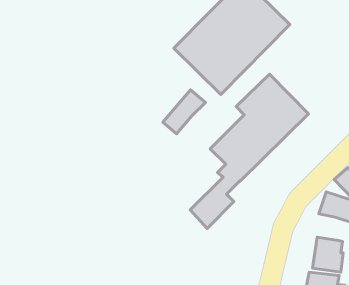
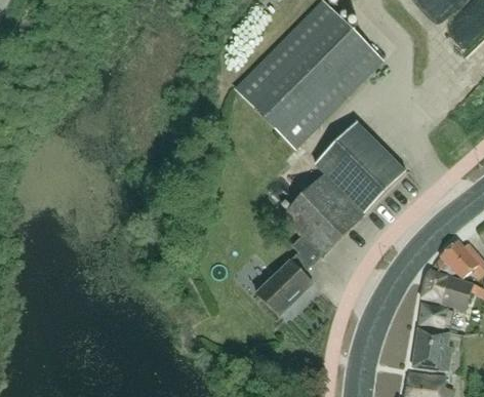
building: [163,90,205,134] -> none
building: none -> [417,303,448,331]

